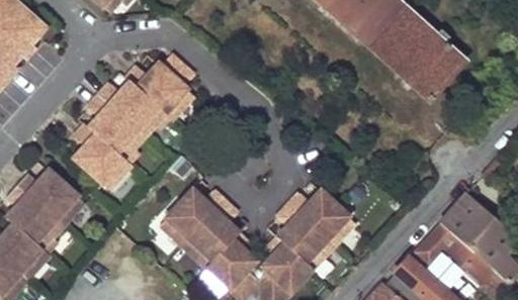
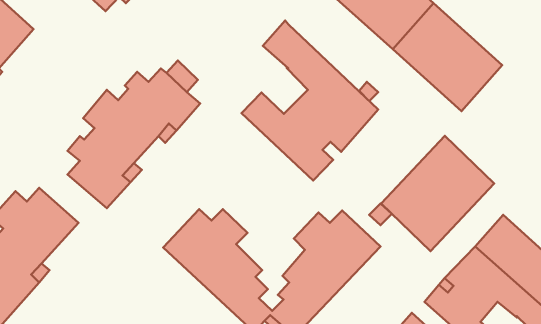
building: none -> [242,21,378,181]
building: none -> [381,136,494,251]

